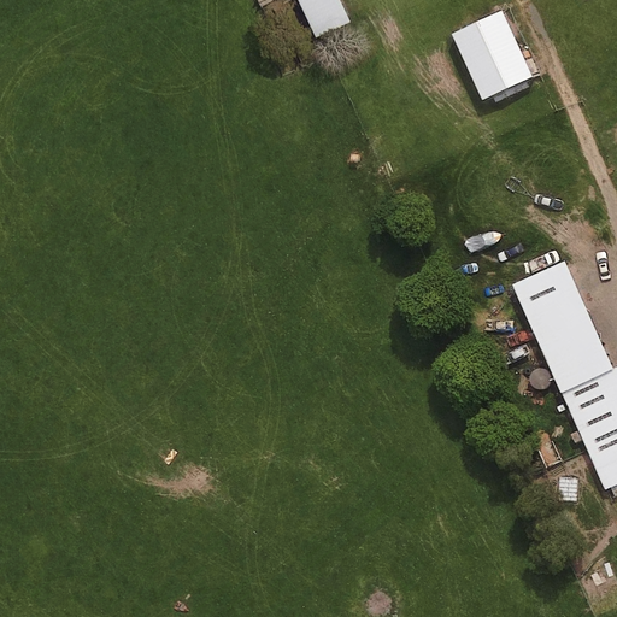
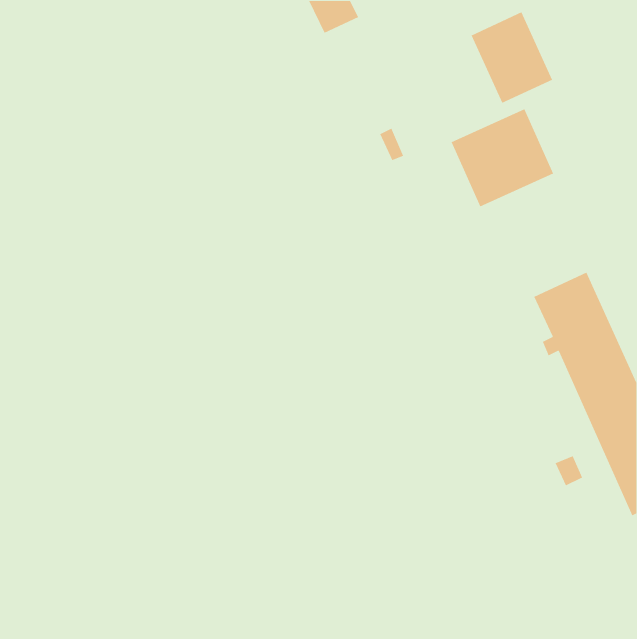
building: none -> [450,108,554,208]

